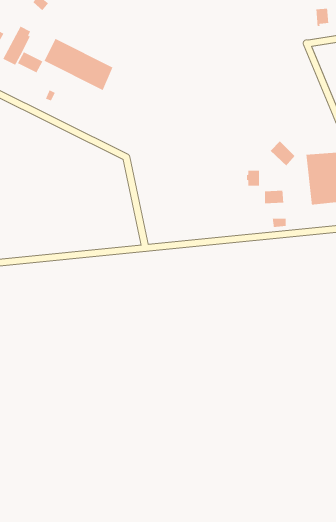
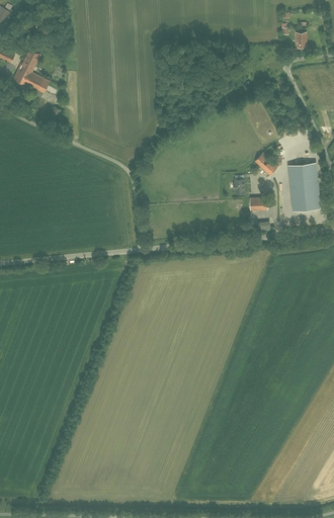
building: [44,38,114,91] -> none

